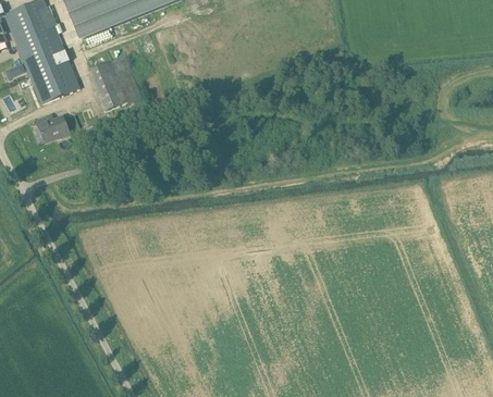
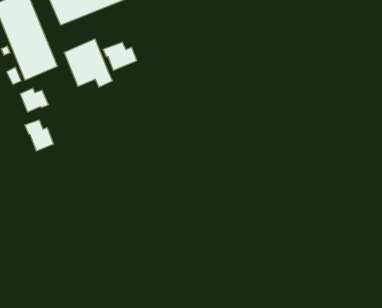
building: none -> [103,42,137,71]
building: none -> [25,120,53,151]

